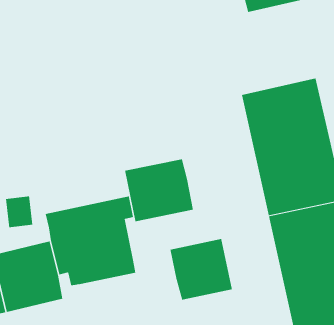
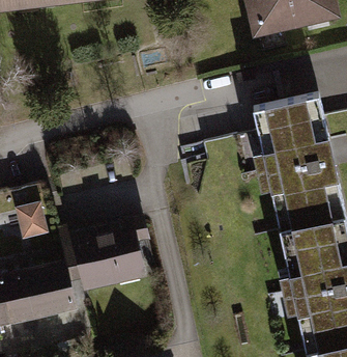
building: [124,159,194,222] -> none
building: [170,238,232,300] -> none

